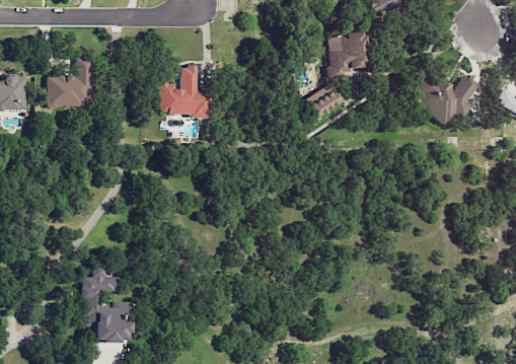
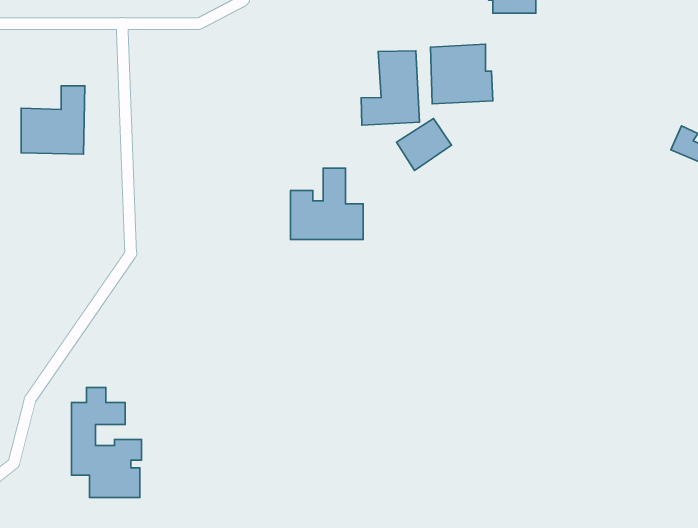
building: none -> [361,51,420,125]
building: [159,66,209,115] -> [291,168,363,240]
building: [410,74,475,126] -> none

